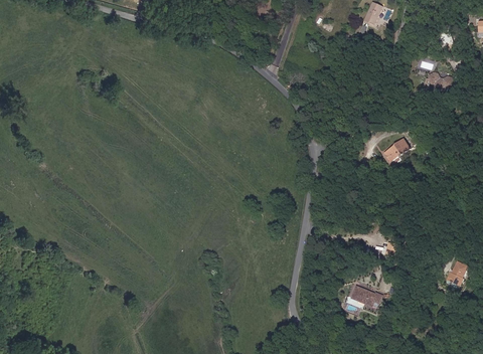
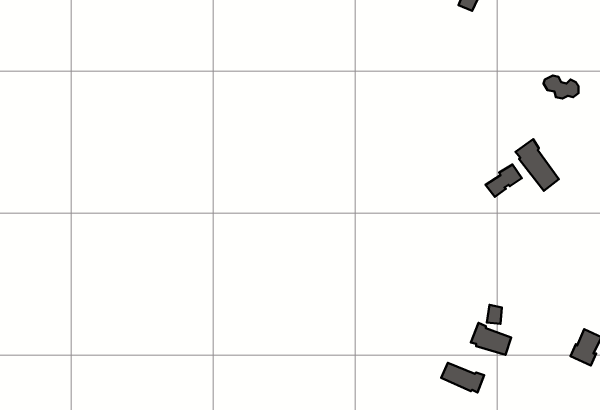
building: none -> [515,139,559,191]
building: none -> [471,323,511,355]

